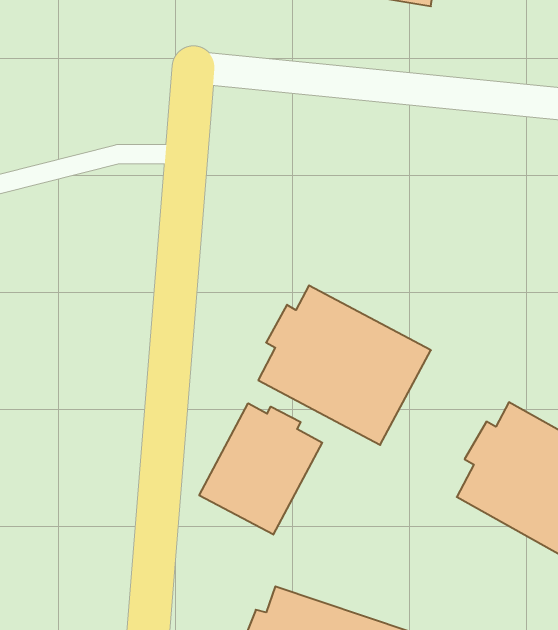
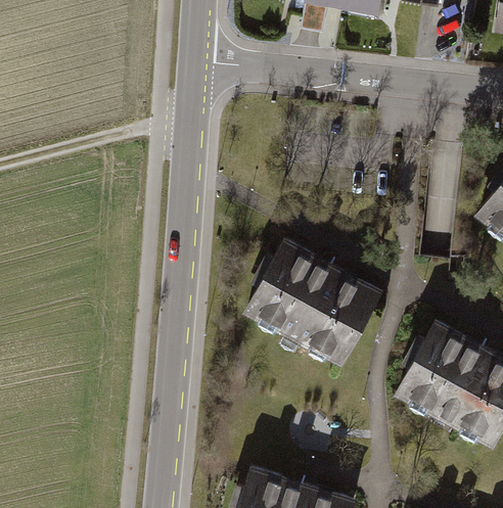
building: [199,403,322,535] -> none

